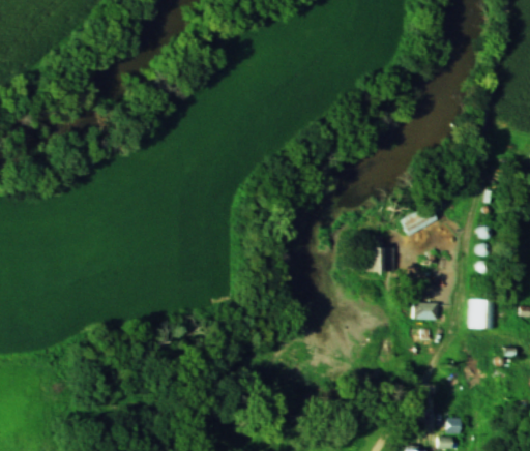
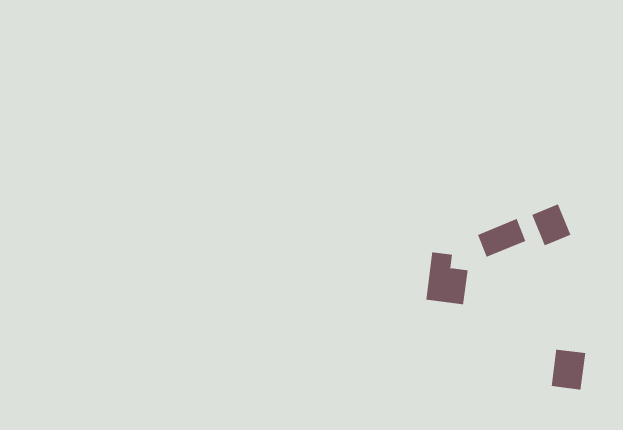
building: none -> [532,204,571,246]
building: [412,302,436,320] -> none

